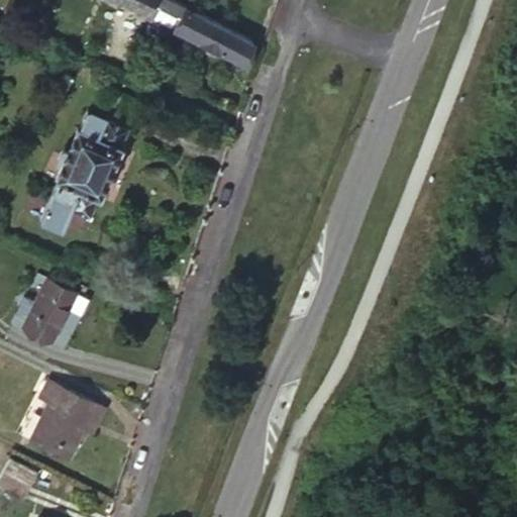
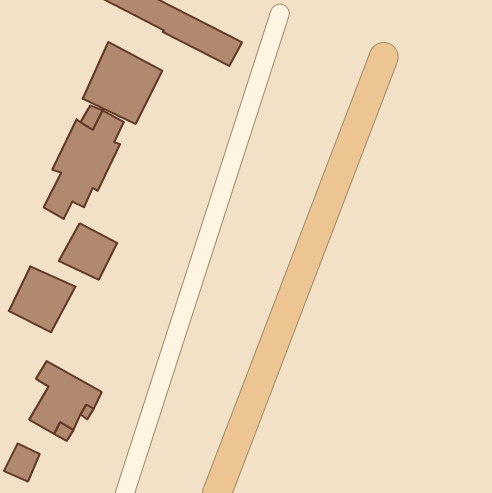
building: none -> [83,42,162,124]
building: none -> [59,223,117,280]

